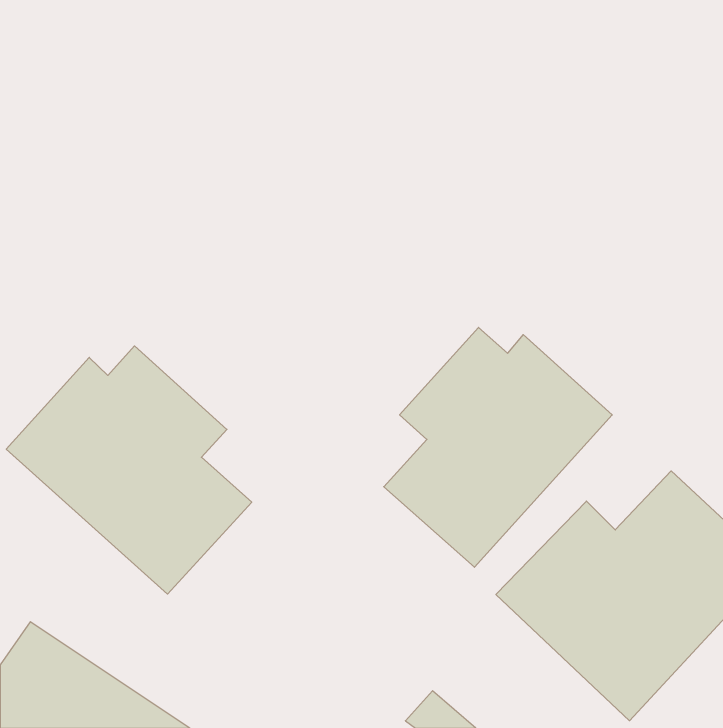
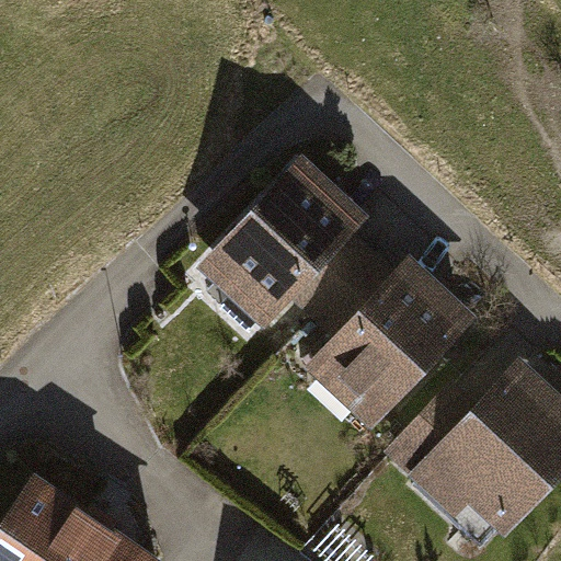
building: none -> [198,157,374,331]
building: [6,346,252,594] -> none

